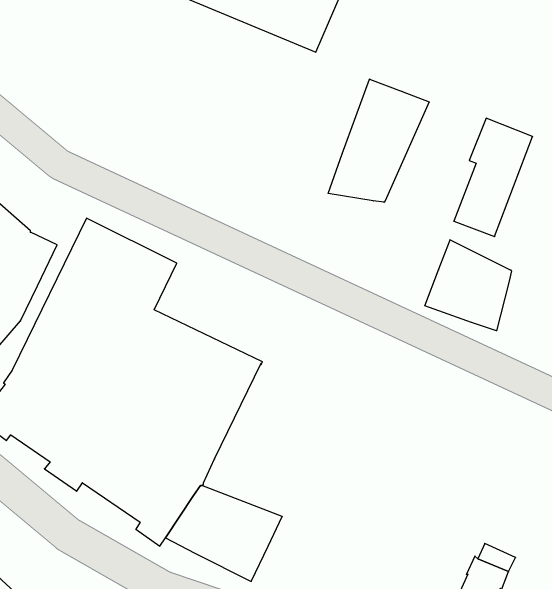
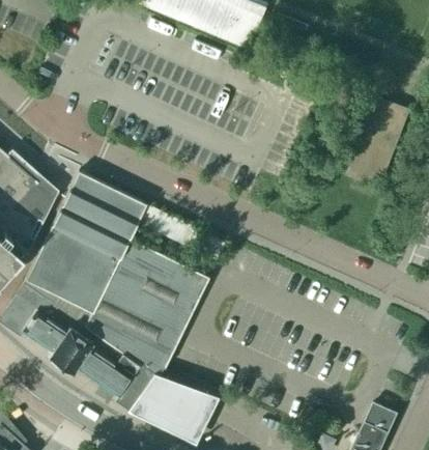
building: [328,79,429,202] -> none
building: [425,240,512,331] -> none

